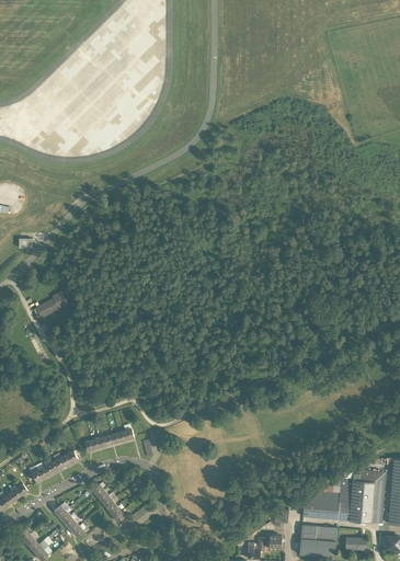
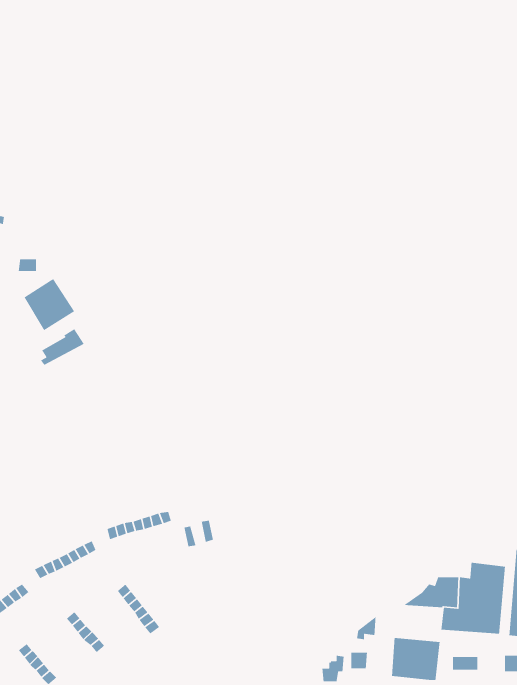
building: none -> [23,278,75,331]
building: [302,500,339,518] -> none

